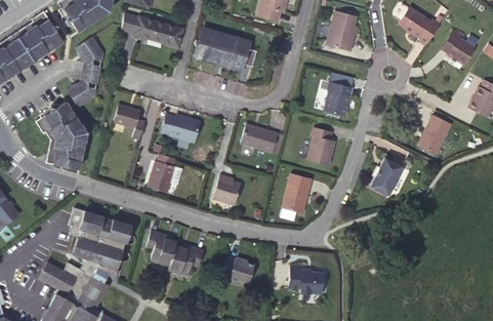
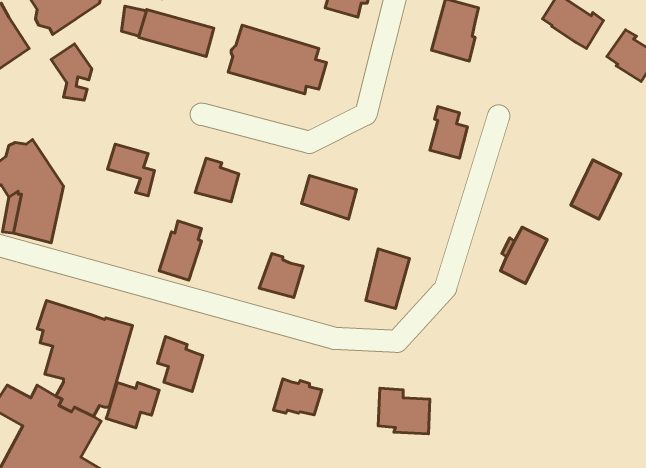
building: [69,73,98,107] -> none
building: [309,125,335,163] -> none
building: [168,245,203,275] -> [106,382,159,428]

